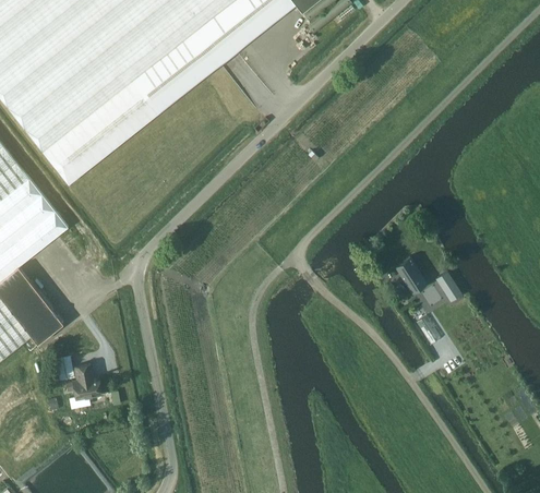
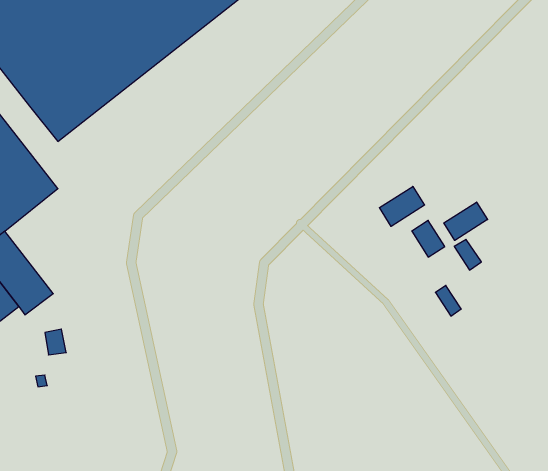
building: none -> [379,186,425,226]
building: none -> [444,202,488,240]
building: [65,364,101,399] -> none

